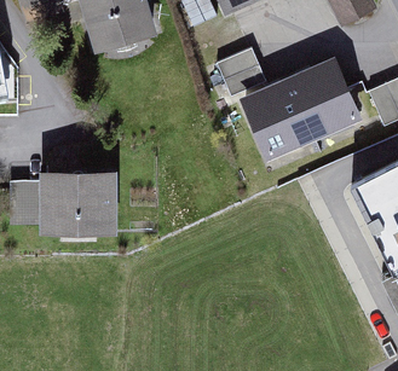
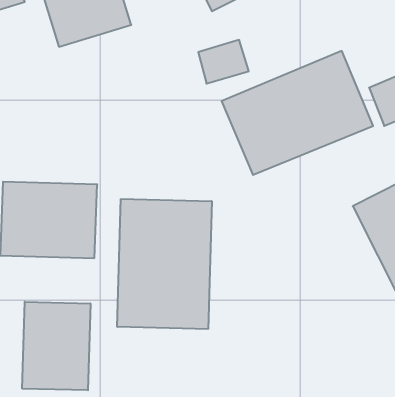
building: none -> [117,199,212,329]
building: none -> [22,302,90,390]

